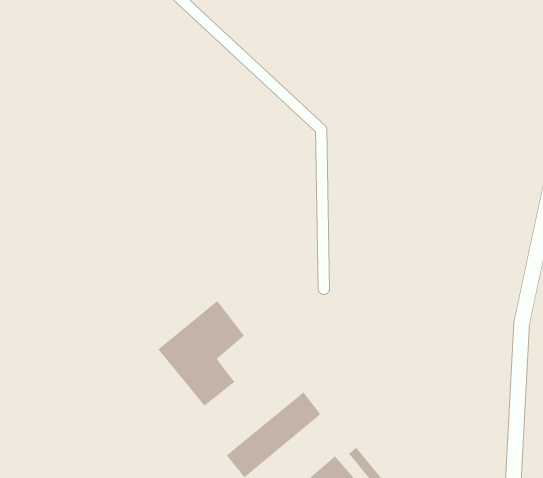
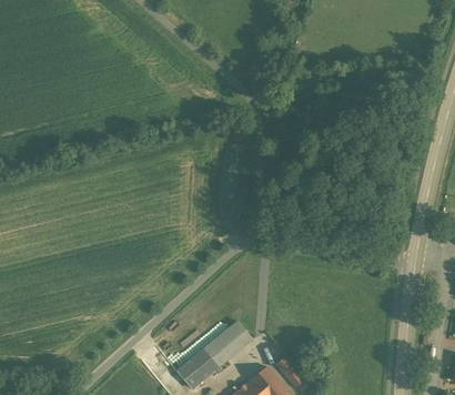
building: [157,300,245,407] -> none

